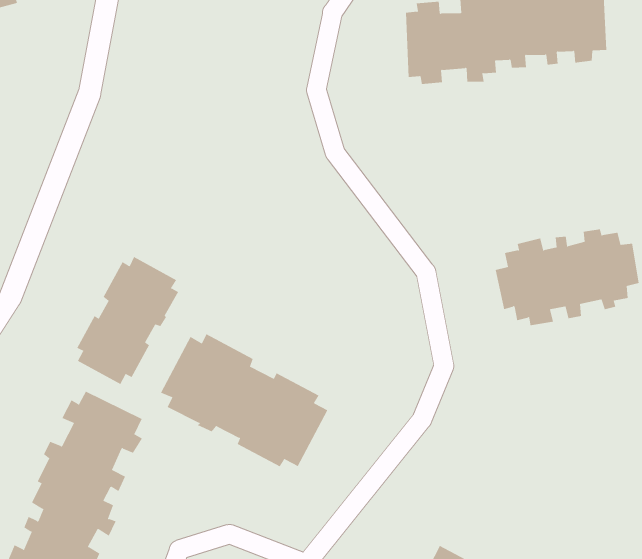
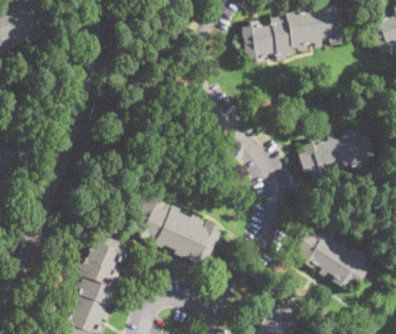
building: [76,256,179,385] -> none
building: none -> [298,227,368,288]

